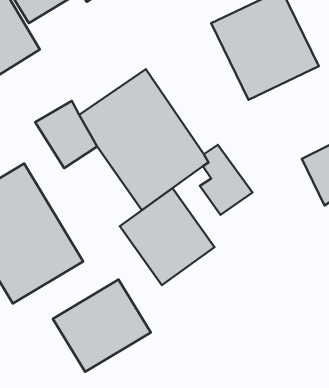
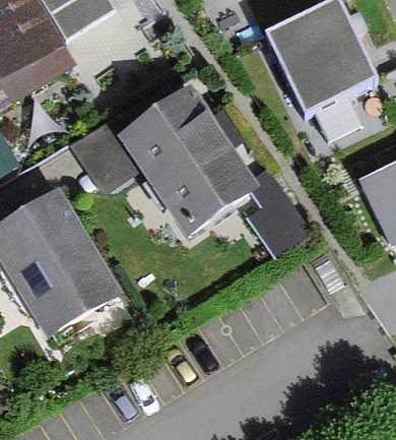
building: [120,188,214,285] -> none
building: [53,280,151,372] -> none

